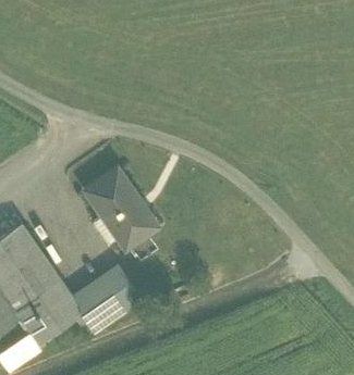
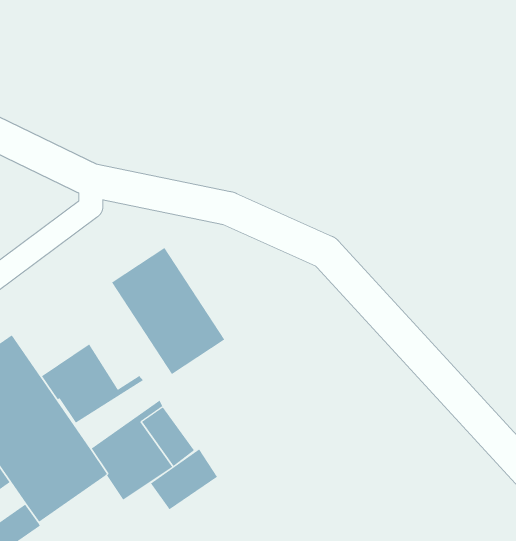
building: none -> [41,344,144,423]
building: none -> [150,449,218,510]

